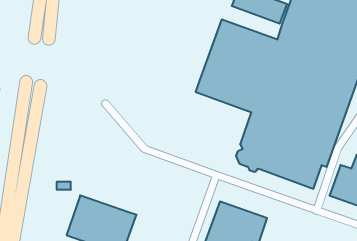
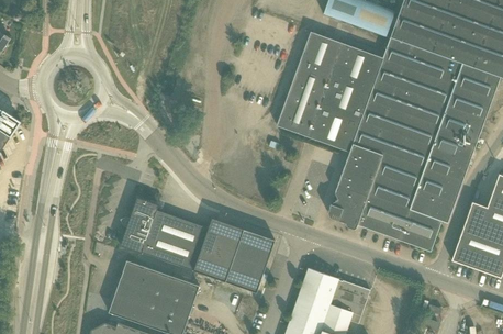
building: none -> [120,198,273,292]

